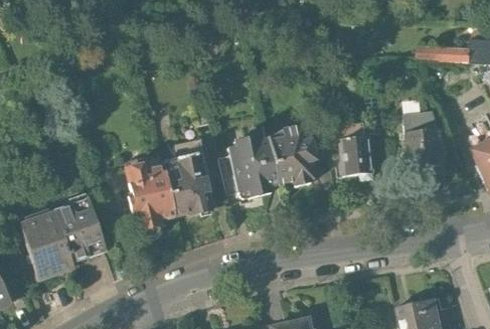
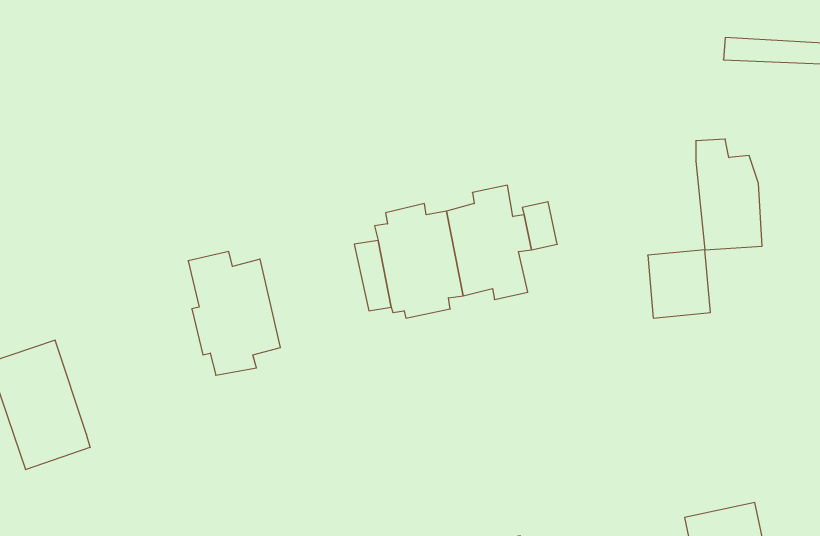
building: [336,137,370,174] -> [648,250,710,318]
building: [165,158,214,214] -> none
building: [53,199,106,262] -> none

